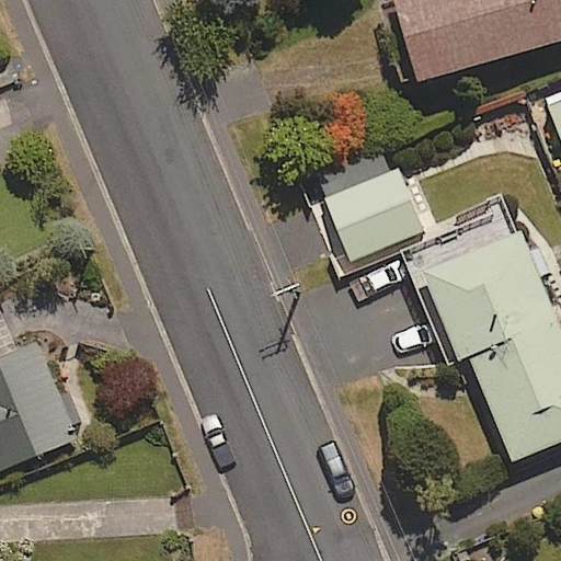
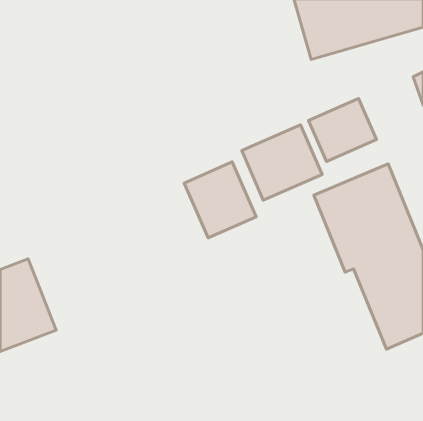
building: none -> [308,99,377,161]
building: none -> [184,162,256,238]

